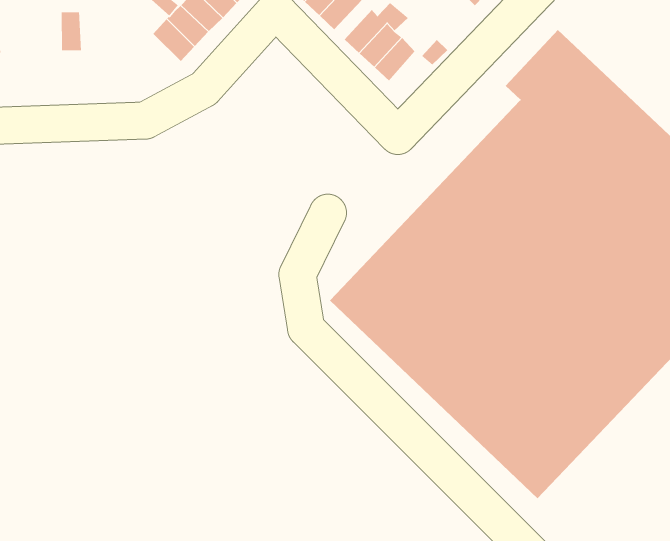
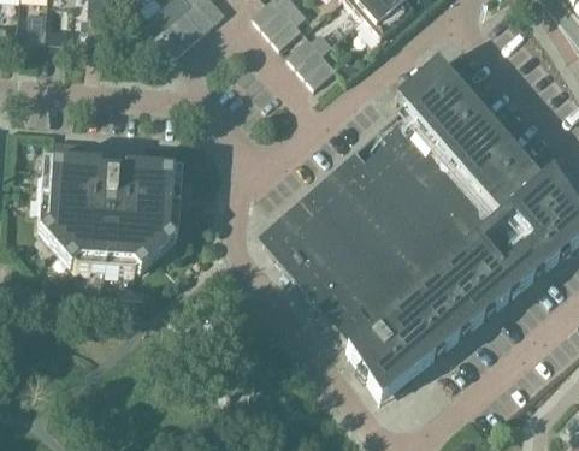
building: none -> [40,141,184,274]

